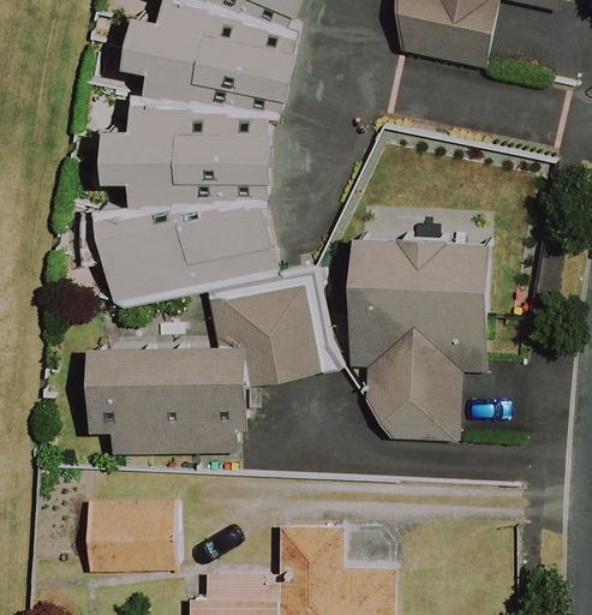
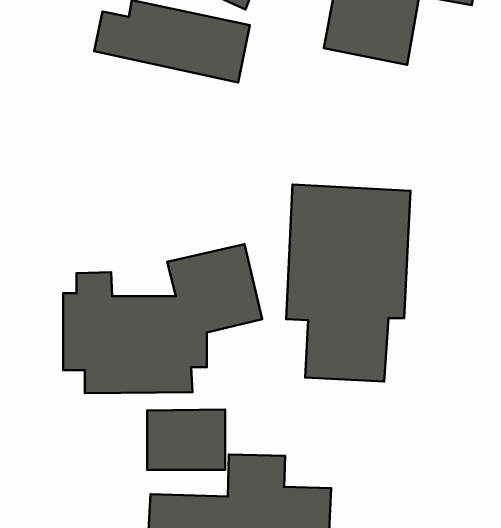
building: [103,101,281,181] -> none
building: [95,193,286,310] -> none
building: [83,500,173,569] -> [147,409,225,470]

